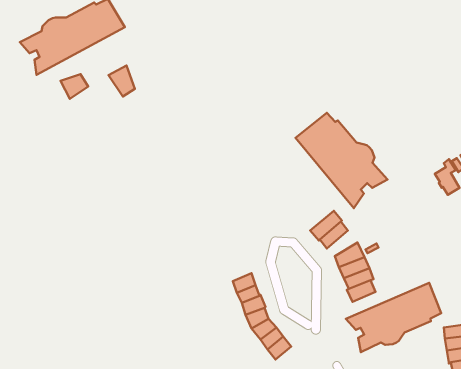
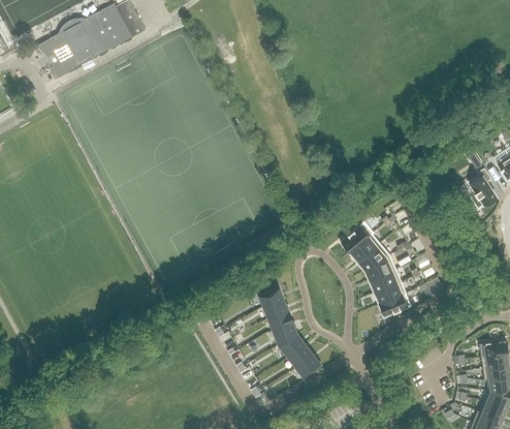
building: [109,65,135,97] -> none
building: [60,74,88,99] -> none
building: [295,113,388,208] -> none
building: none -> [357,243,389,270]
building: [346,283,441,352] -> none

